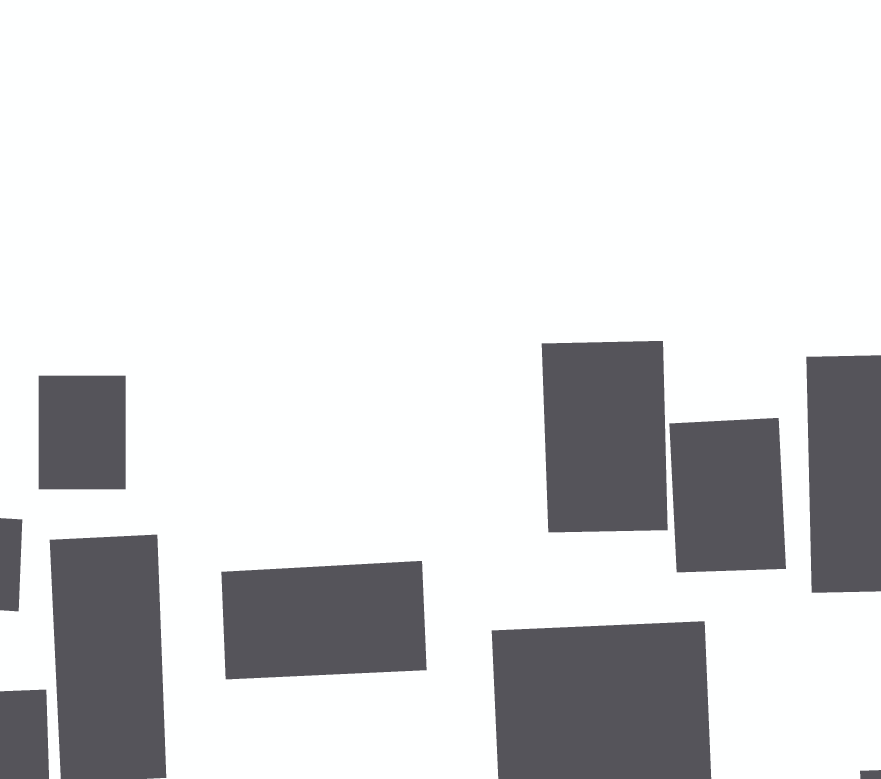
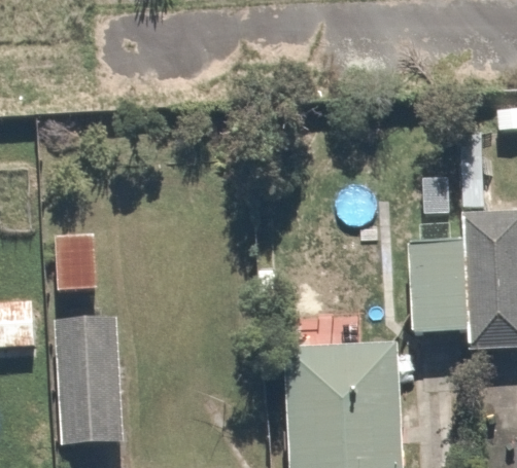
building: [541,340,668,533] -> none
building: [221,560,427,680] -> none

